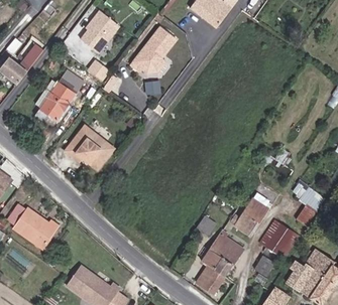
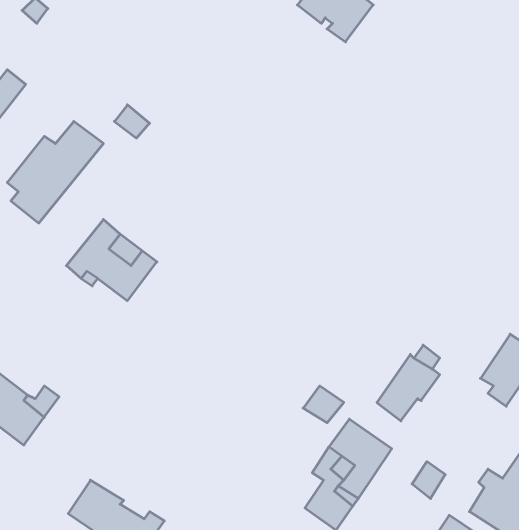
building: [83,10,121,52] -> none
building: [132,27,177,71] -> none
building: [259,219,300,260] -> none

